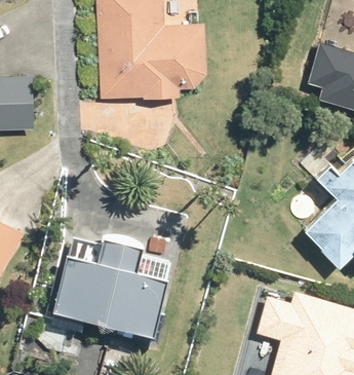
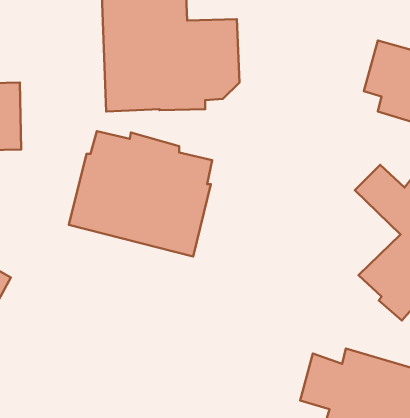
building: [51,237,167,339] -> [69,131,212,257]

